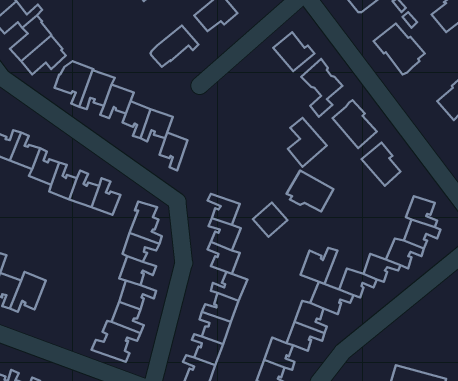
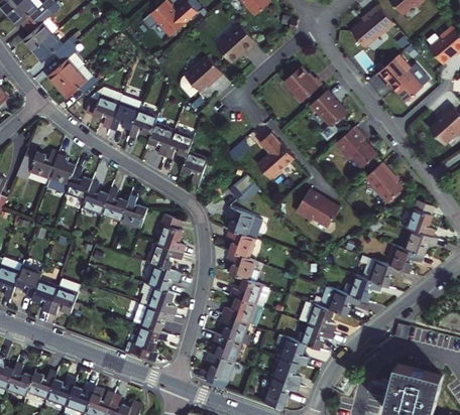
building: [288,118,327,167] -> [258,130,294,174]
building: [253,202,287,237] -> [230,175,261,206]
building: [300,248,337,284] -> none

